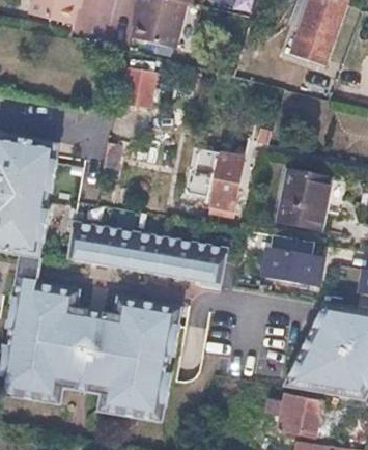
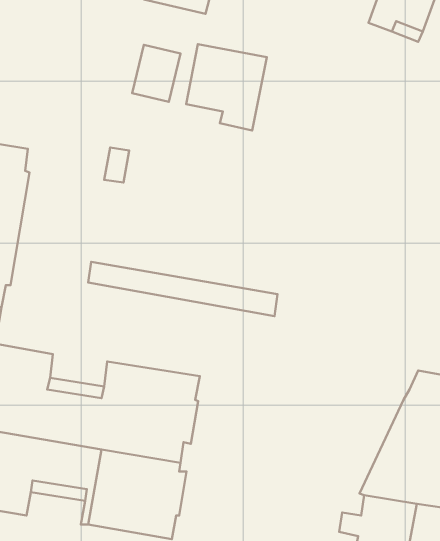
building: [187,148,244,209] -> [186,44,267,131]
building: [280,169,331,227] -> none
building: [68,220,224,287] -> none
building: [264,246,329,281] -> none

